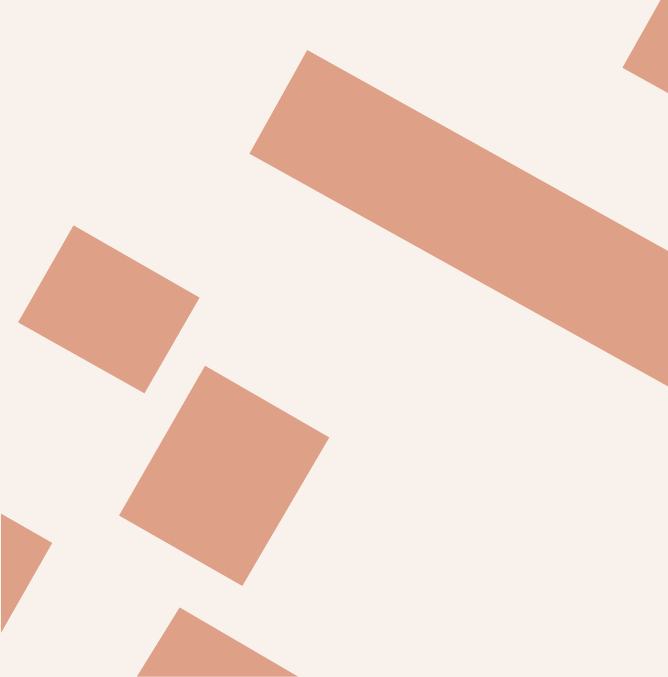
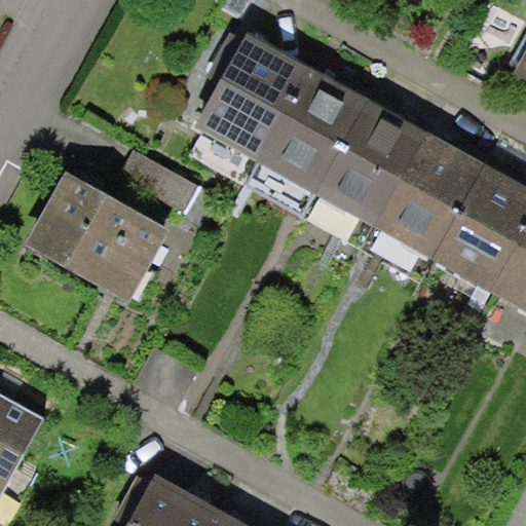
building: [118,365,330,587] -> none

